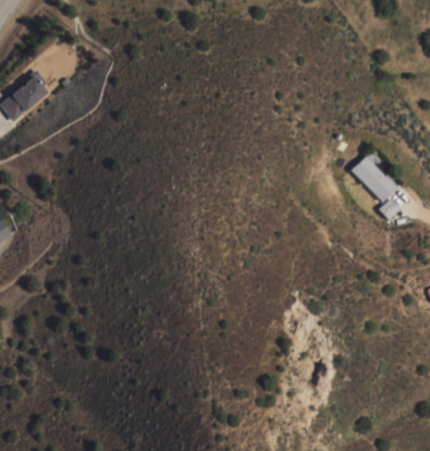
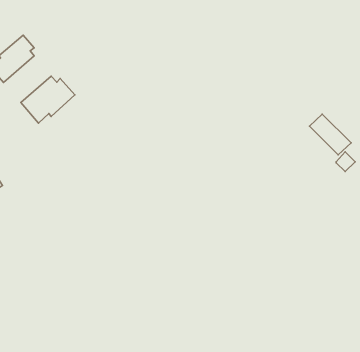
building: none -> [21,76,75,123]

